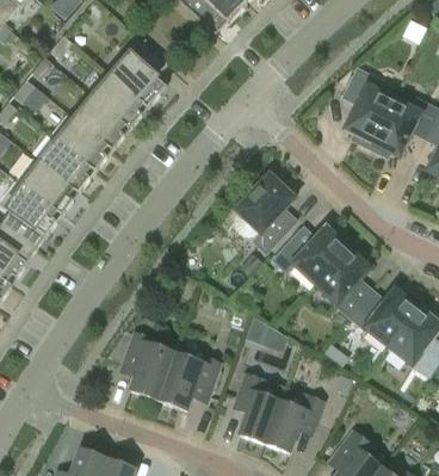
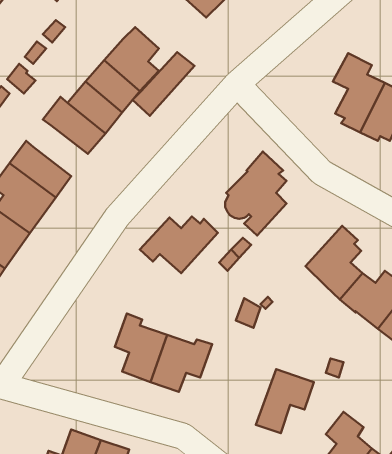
building: none -> [133,52,194,116]
building: [41,142,95,193] -> none
building: [273,227,352,284] -> [140,216,218,273]
building: [236,375,285,444] -> none

